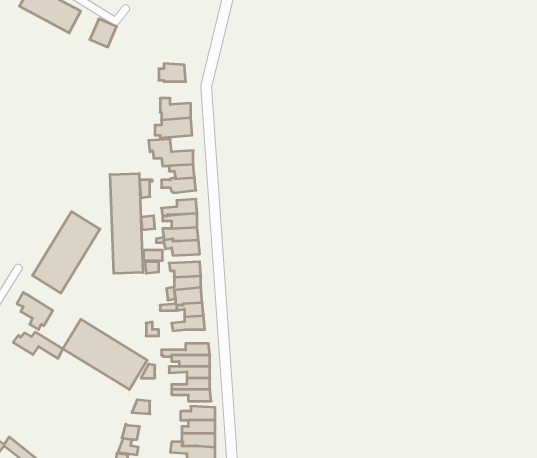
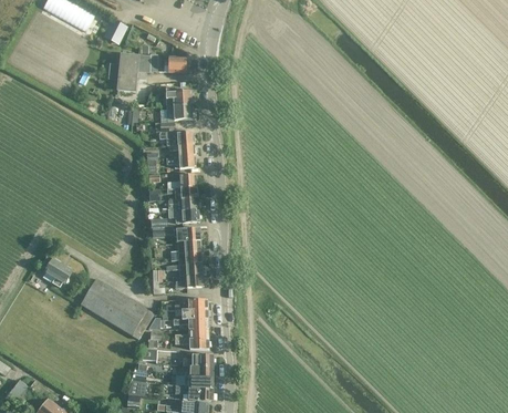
building: none -> [108,54,152,92]
building: [110,173,143,273] -> none
building: [32,212,100,293] -> none
building: [13,332,63,358] -> none

